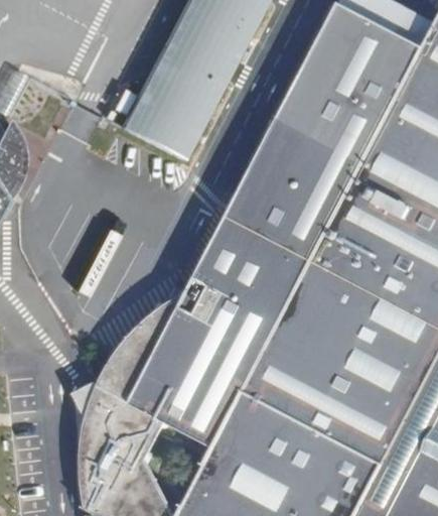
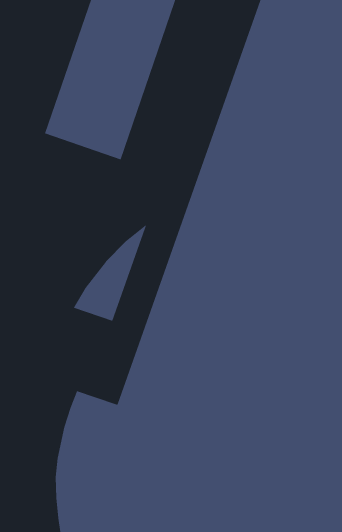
building: [115,291,191,373] -> [73,223,148,322]

